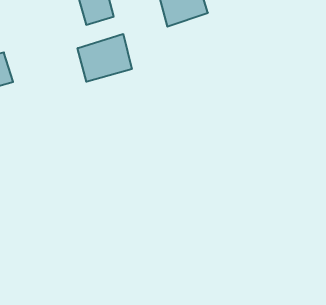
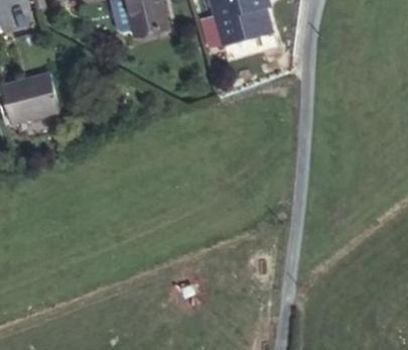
building: [78,34,132,82] -> none

